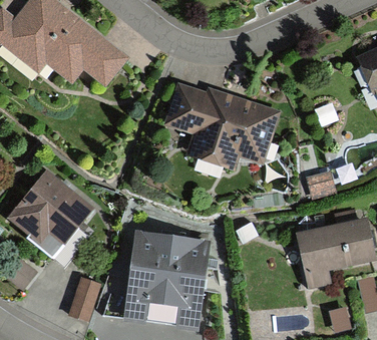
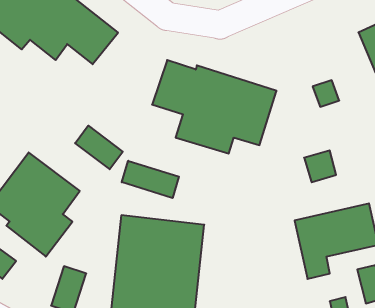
building: none -> [75,126,123,169]
building: none -> [122,161,179,198]

